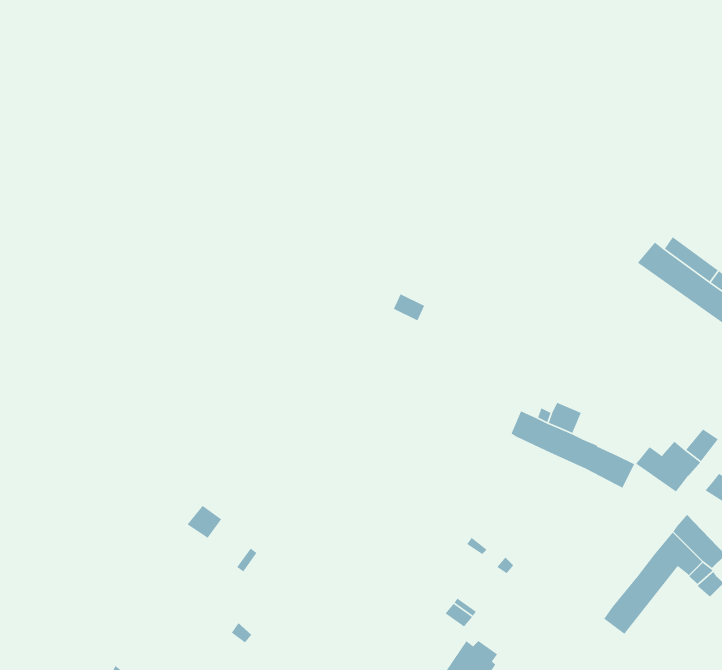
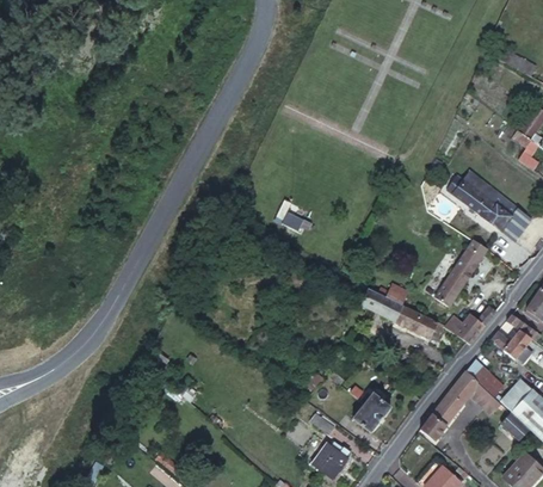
building: none -> [436,239,487,306]
building: none -> [352,393,390,433]

